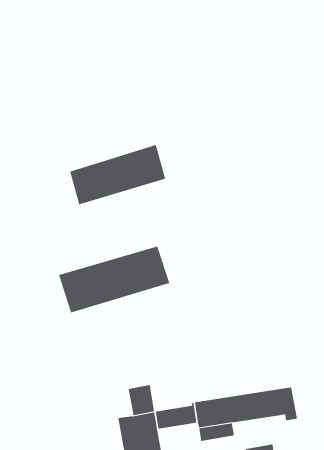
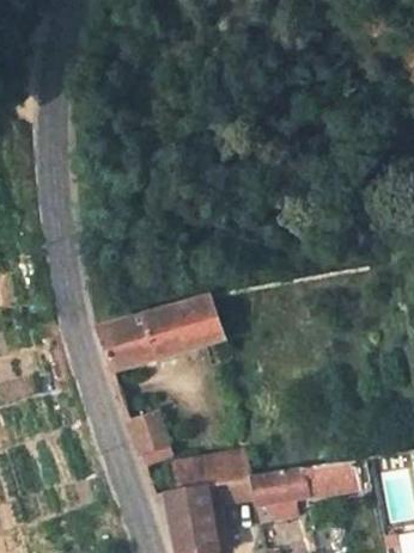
building: [70,144,166,205] -> none
building: none -> [127,410,173,466]
building: none -> [203,449,250,486]

